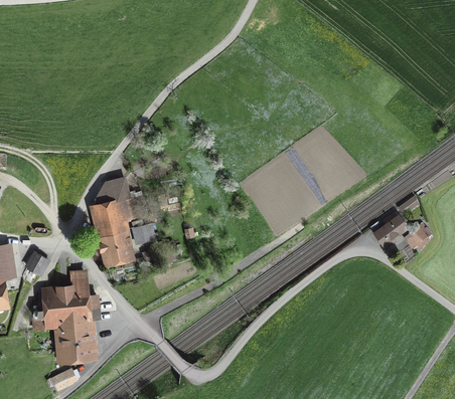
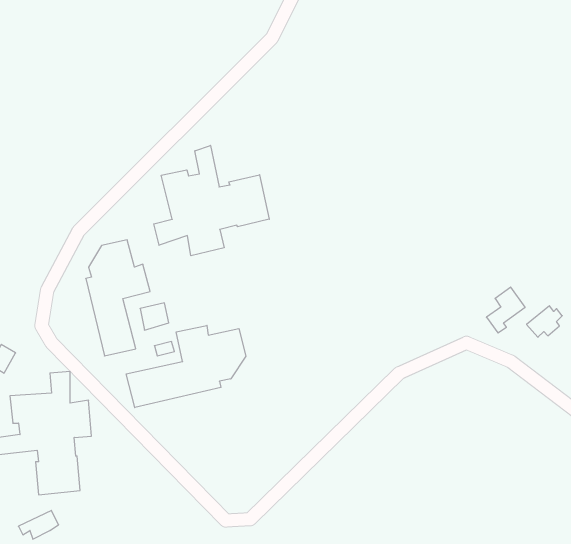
building: none -> [154,145,269,256]
building: none -> [126,325,246,408]

